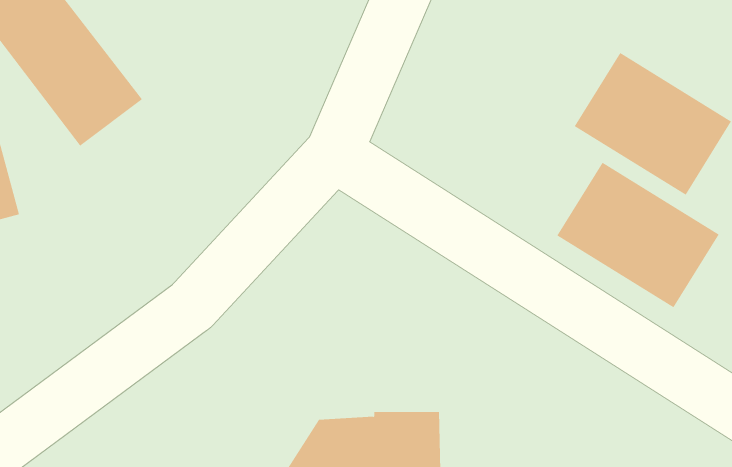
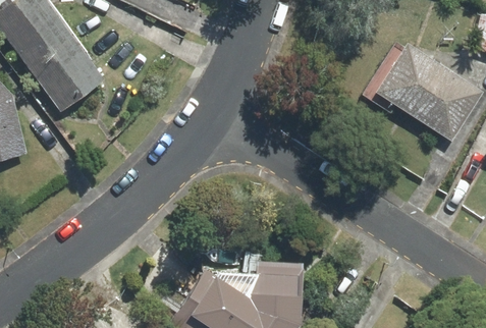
building: [557,162,720,308] -> none

